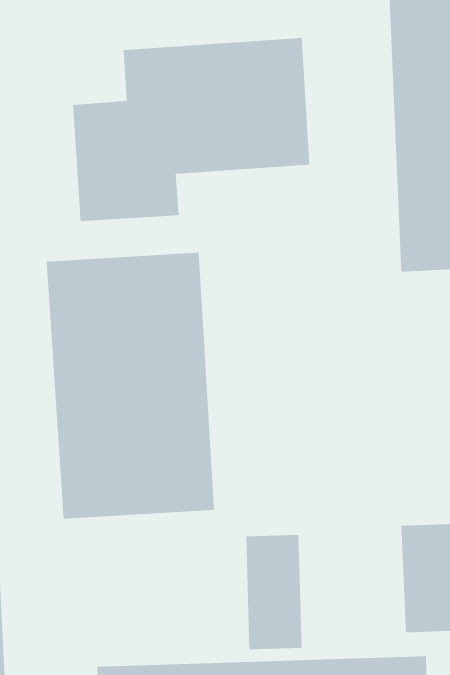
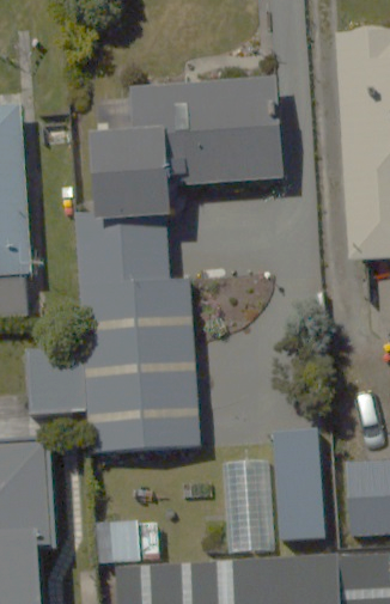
building: none -> [273,425,328,541]

